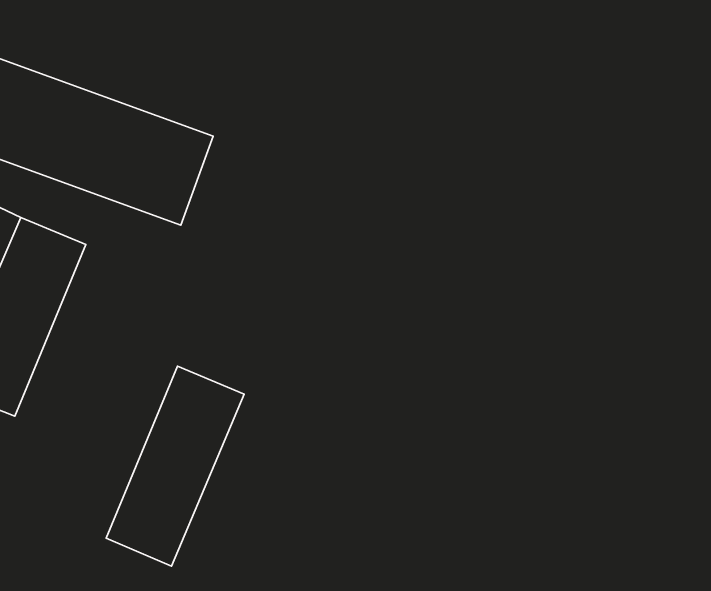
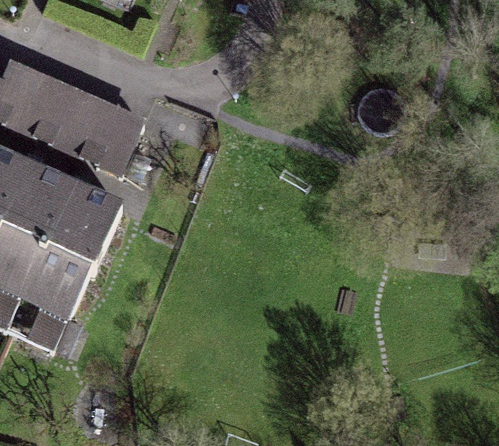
building: [106,366,244,566] -> [15,188,108,323]

